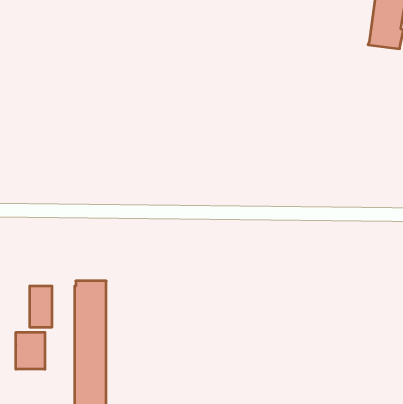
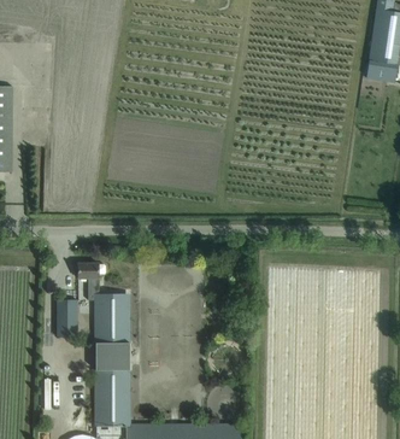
building: none -> [78,263,106,299]
building: [16,332,45,369] -> none

